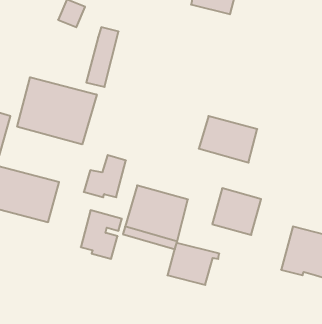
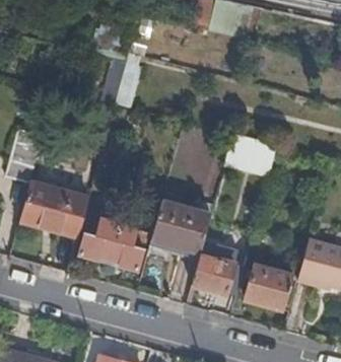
building: [17,77,97,144] -> none
building: [84,155,126,197] -> [79,219,119,259]
building: [212,188,261,235] -> [247,266,292,309]

